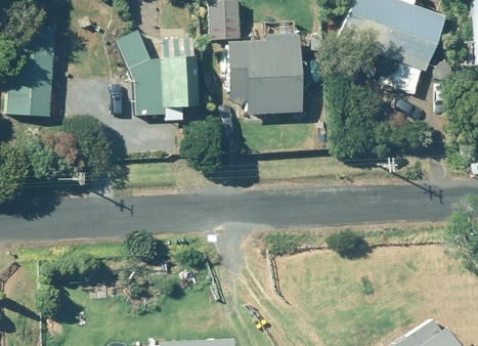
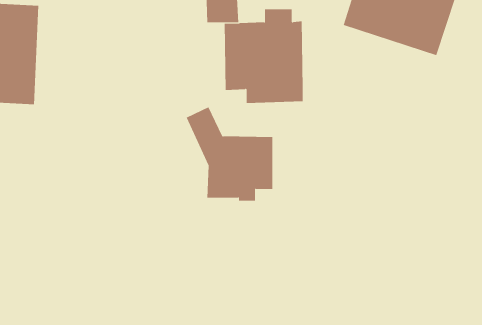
building: [117,29,199,118] -> [186,106,273,201]

